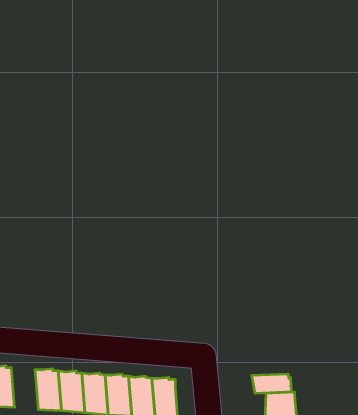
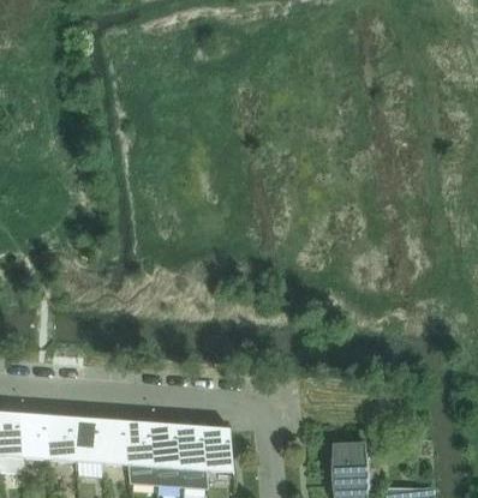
building: none -> [46,415,76,462]
building: [252,374,291,393] -> none

